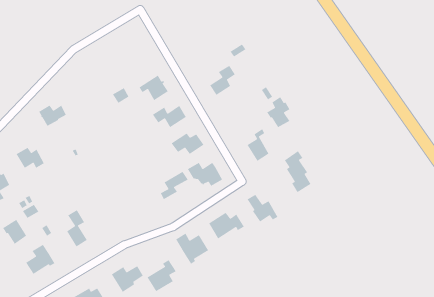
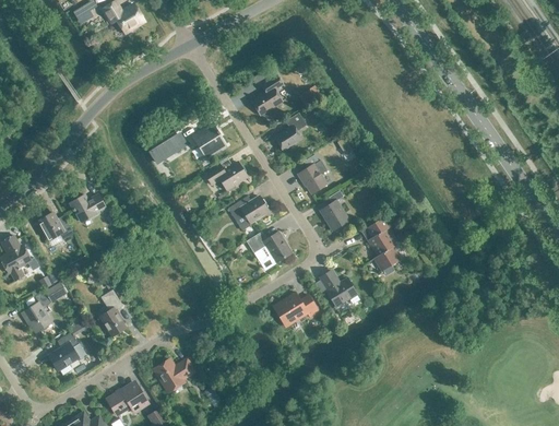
building: none -> [251,75,283,115]
building: [266,96,290,128] -> [297,154,326,193]
building: [38,104,67,127] -> [70,194,105,222]
building: [160,171,189,200] -> none
building: [175,233,209,265] -> none
building: [146,259,177,292] -> none

